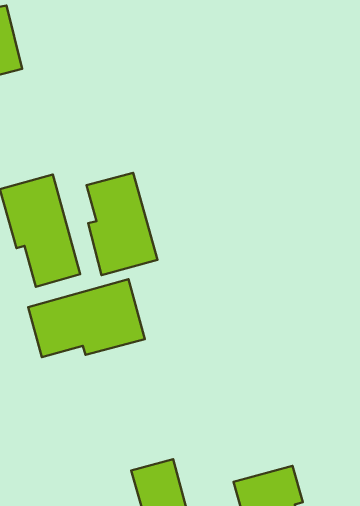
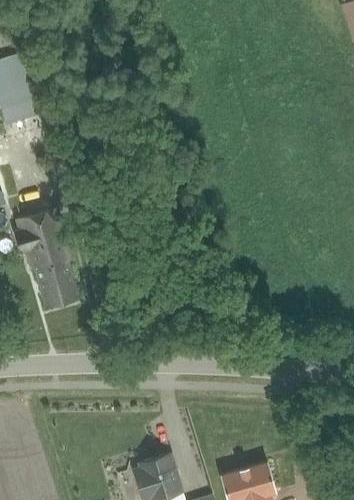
building: [87,173,158,275] -> none
building: [28,279,145,357] -> none

